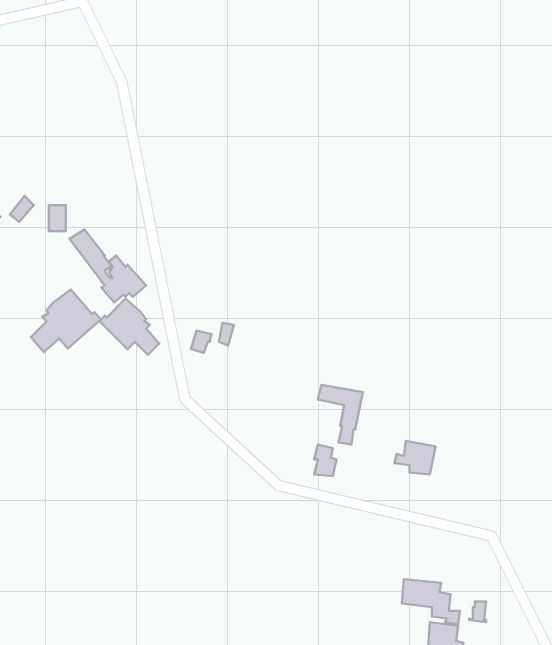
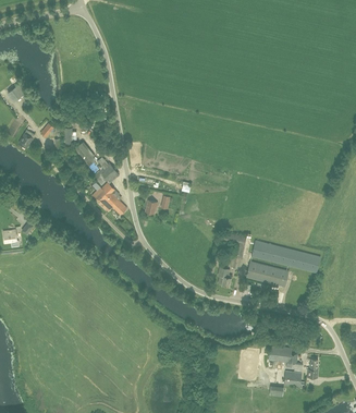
building: [31,289,101,352] -> none
building: none -> [254,241,321,272]

